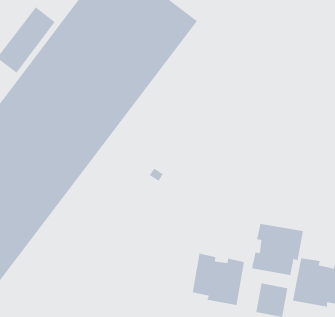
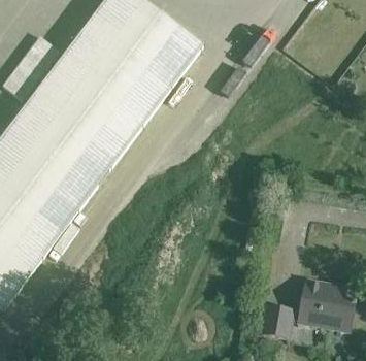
building: [251,223,304,276] -> none
building: [192,253,244,306] -> none

